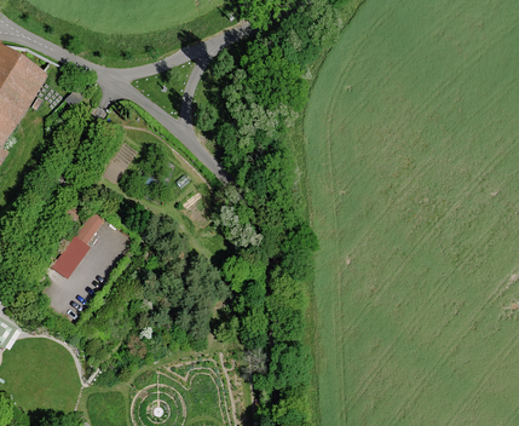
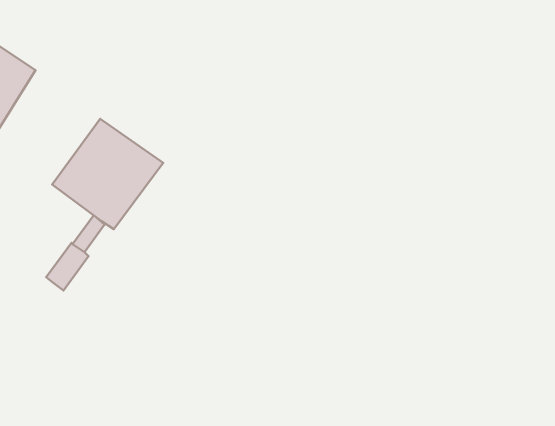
building: none -> [52,119,163,229]

